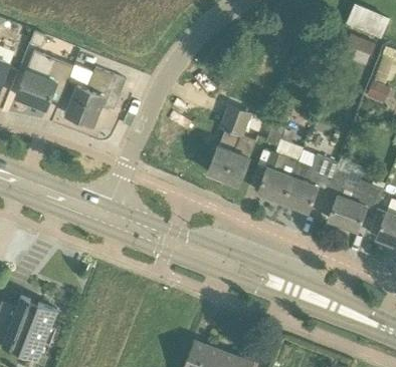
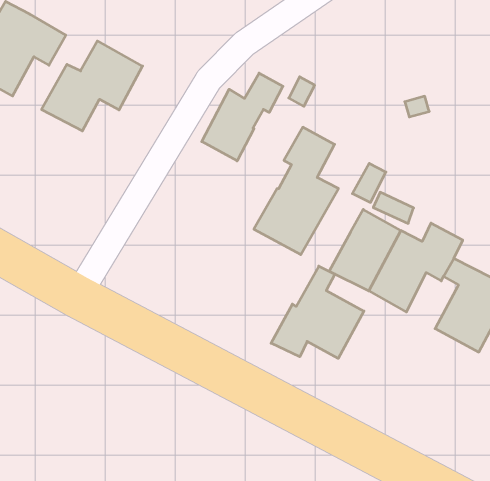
building: none -> [202,73,283,161]
building: none -> [271,266,364,358]

